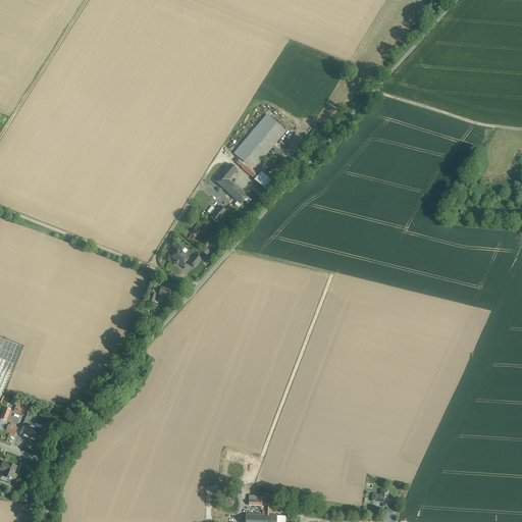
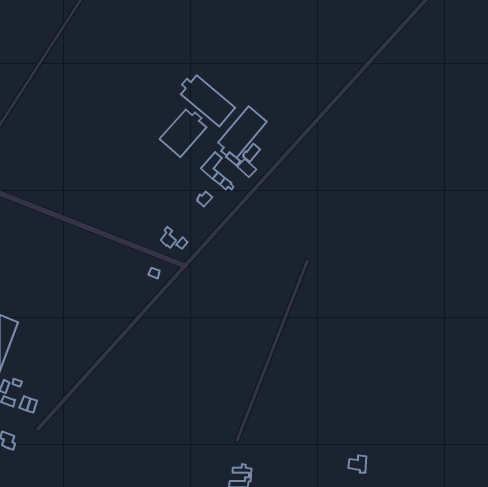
building: none -> [181,75,235,127]
building: none -> [160,109,207,157]

